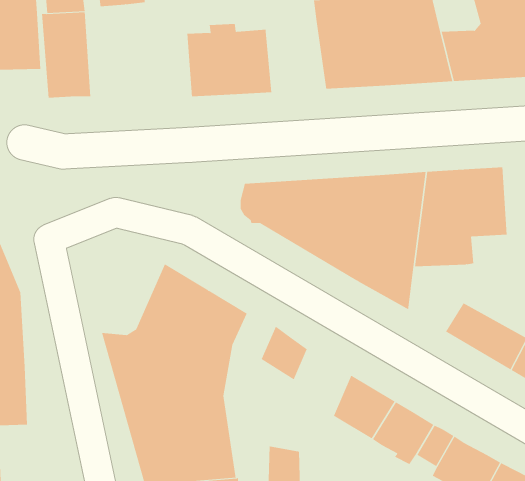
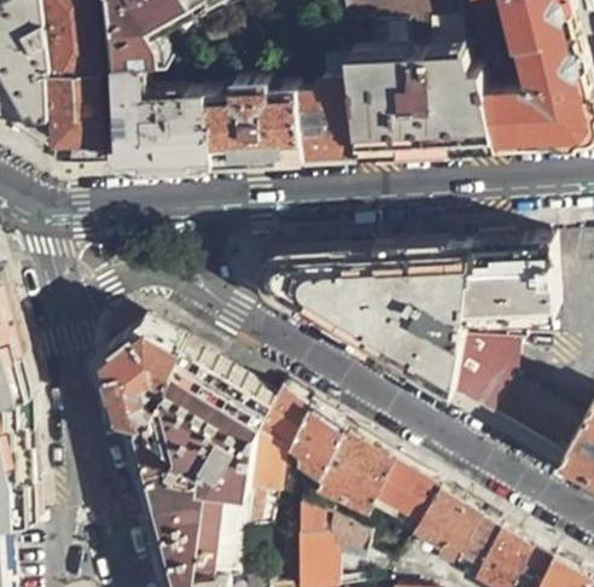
building: none -> [110,63,209,169]
building: none -> [291,79,355,158]
building: none -> [94,322,180,422]
building: none -> [446,345,509,418]
building: none -> [245,391,301,490]
building: none -> [310,437,383,513]
building: none -> [292,508,362,553]

